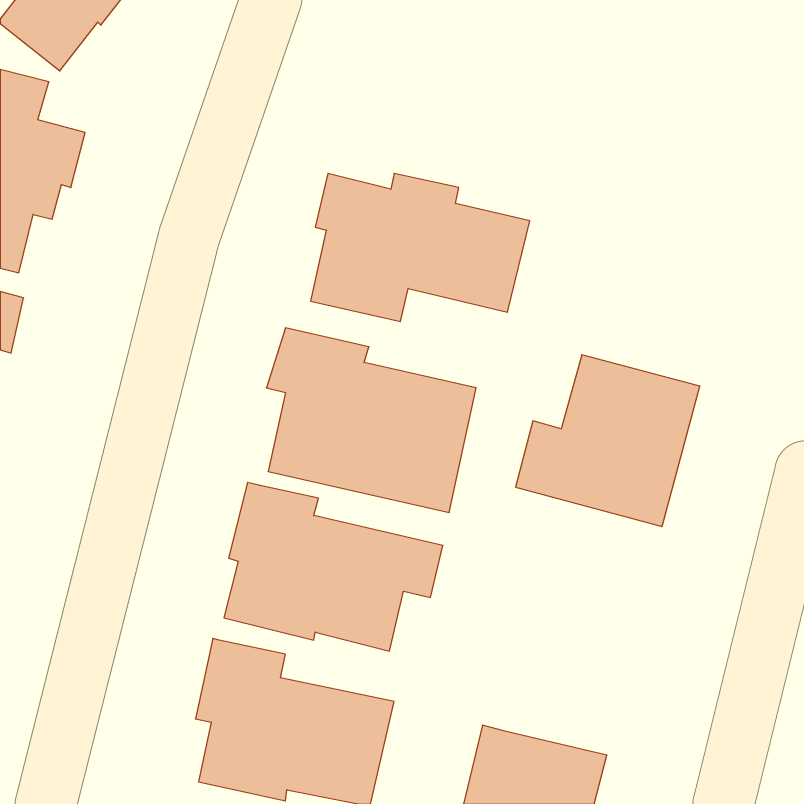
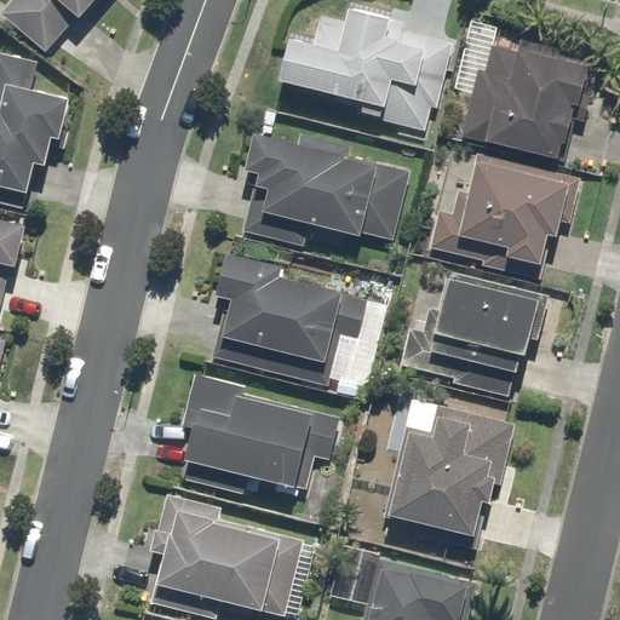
building: none -> [270,8,459,133]
building: none -> [464,40,585,163]
building: none -> [421,148,575,282]
building: none -> [381,397,513,547]

